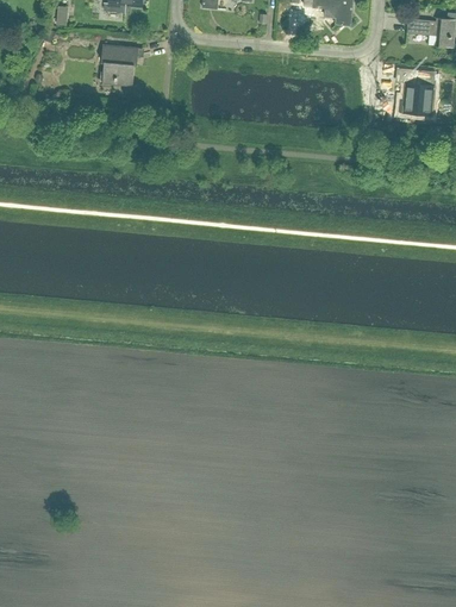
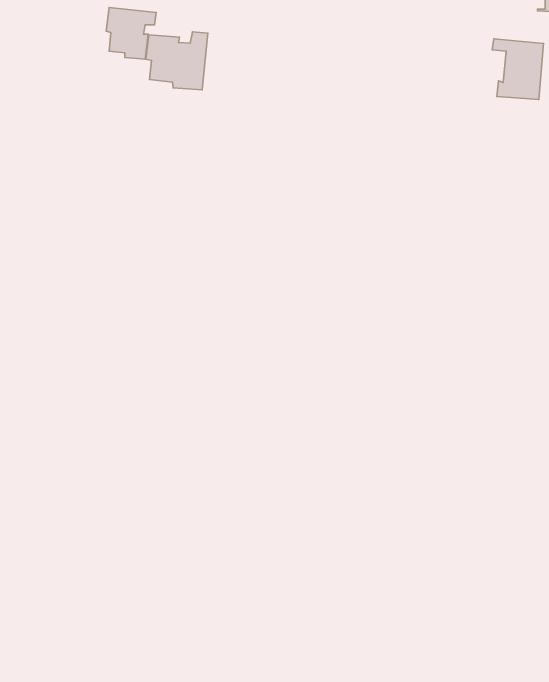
building: none -> [146,32,208,90]

